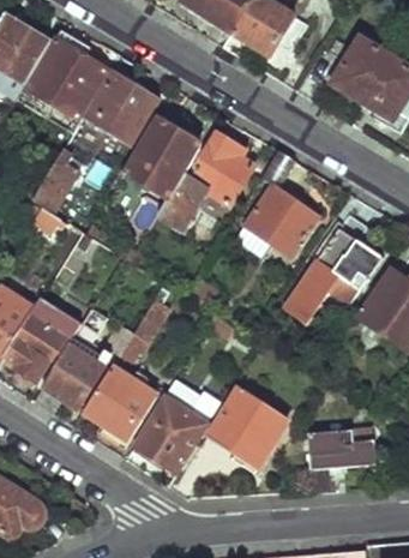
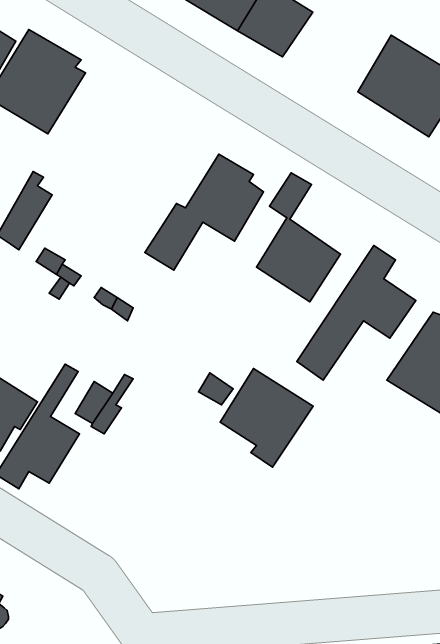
building: [89,73,157,142] -> none
building: [121,116,202,199] -> none
building: [85,370,155,446] -> none
building: [211,390,288,472] -> [220,369,313,467]
building: [134,396,206,472] -> none
building: [309,430,372,491] -> none

